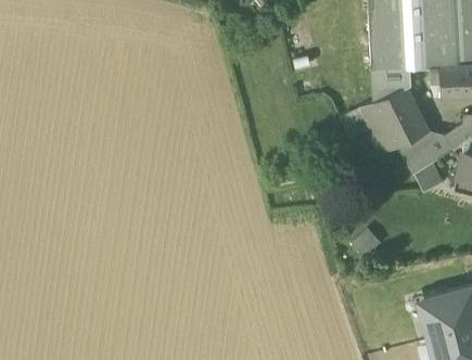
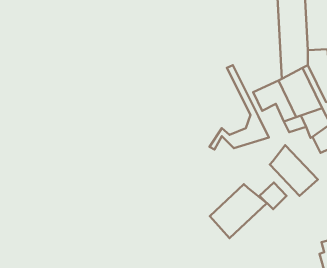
building: none -> [210,65,269,150]
building: none -> [270,145,318,196]
building: none -> [210,184,267,238]

